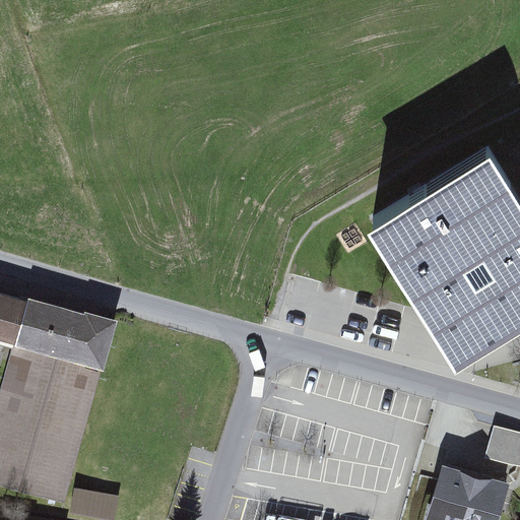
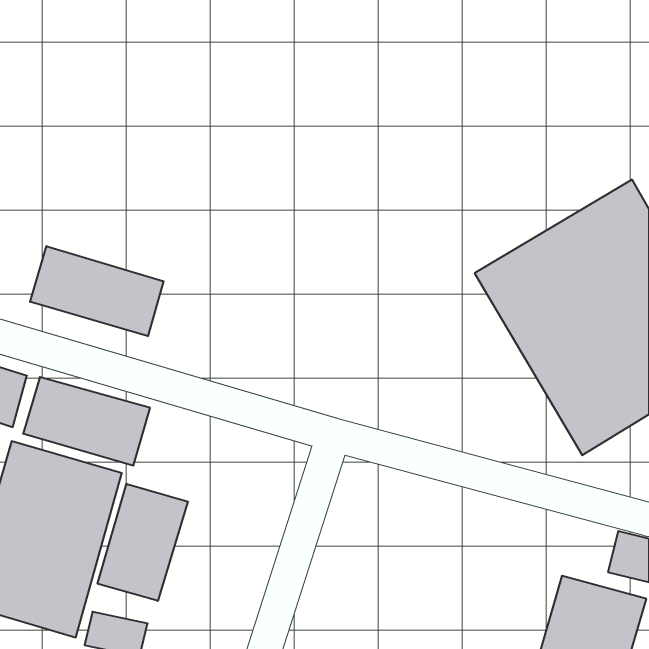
building: none -> [30,246,164,336]
building: none -> [98,484,188,601]

